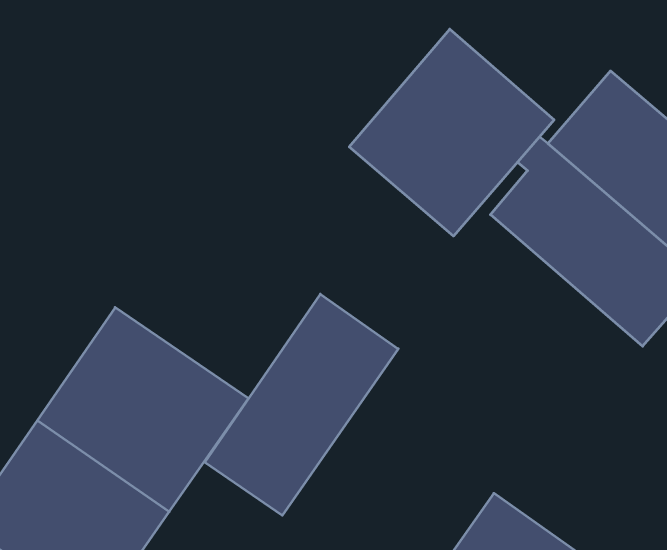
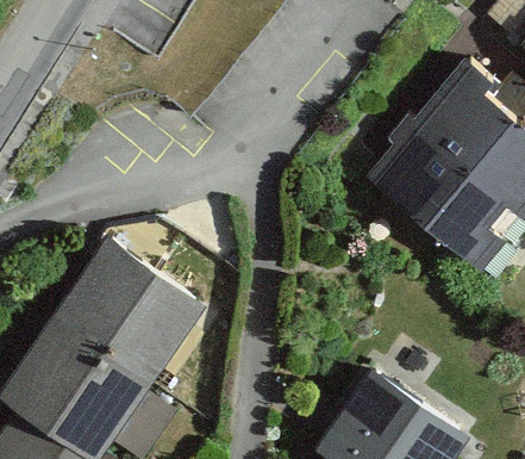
building: [349,29,554,236] -> none
building: [205,294,398,515] -> none

